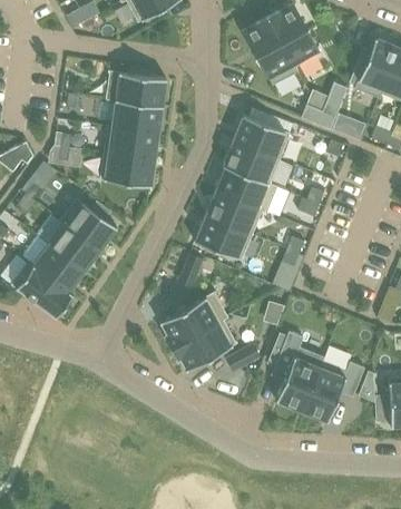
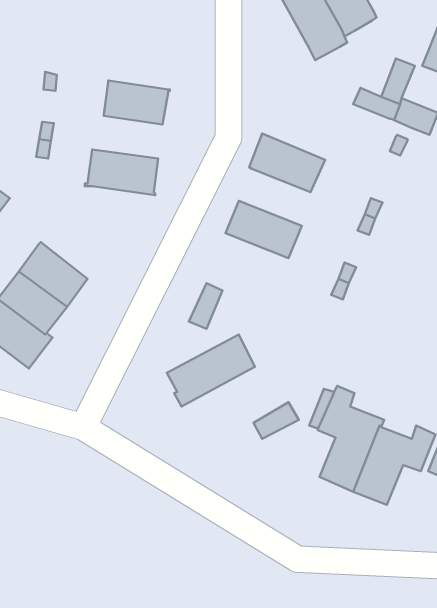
building: [106,70,166,106] -> none
building: [233,114,291,159] -> none
building: [104,124,157,158] -> none
building: [215,166,277,212] -> none
building: [59,197,117,249] -> none
building: [195,215,253,261] -> none
building: [172,319,237,370] -> none

